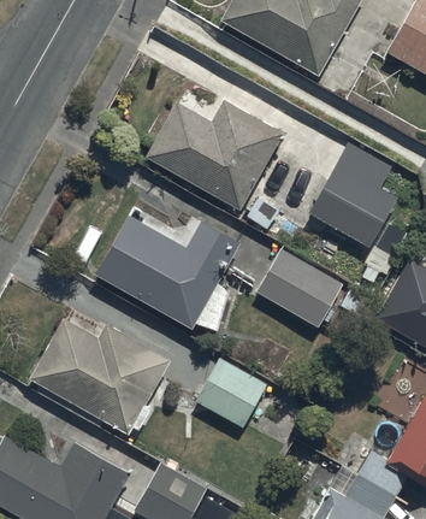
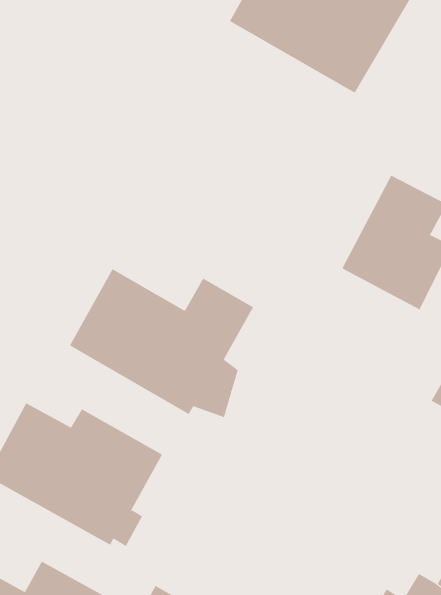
building: [144,100,284,211] -> none
building: [255,248,342,328] -> none
building: [195,356,268,429] -> none

